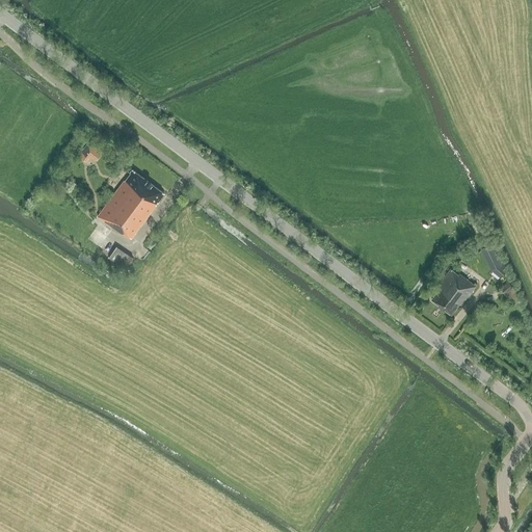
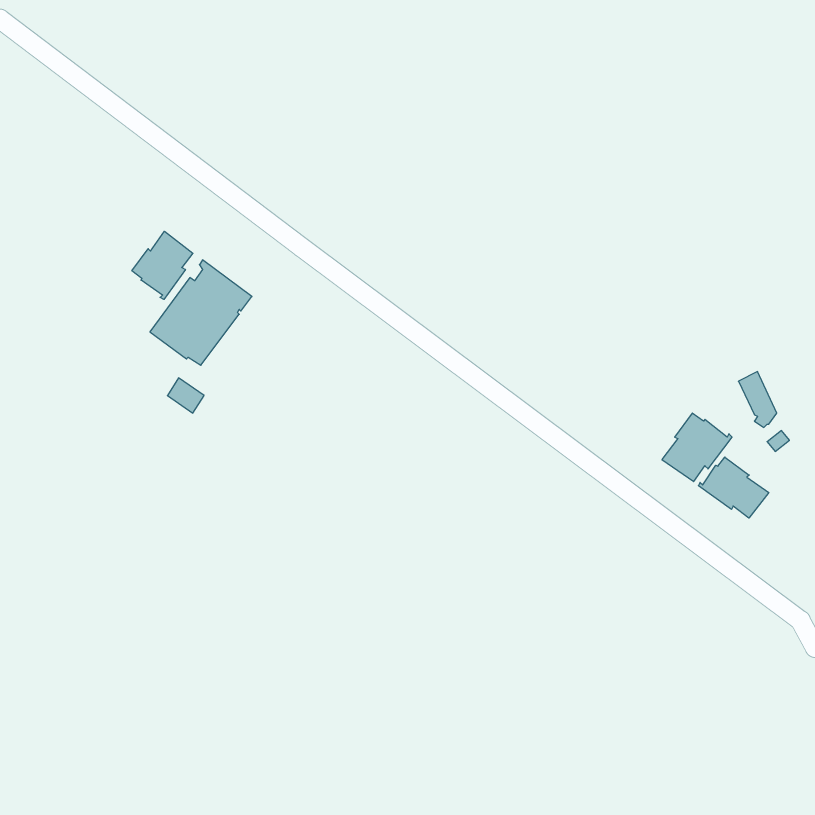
building: none -> [132,231,193,299]
building: none -> [698,457,769,518]

